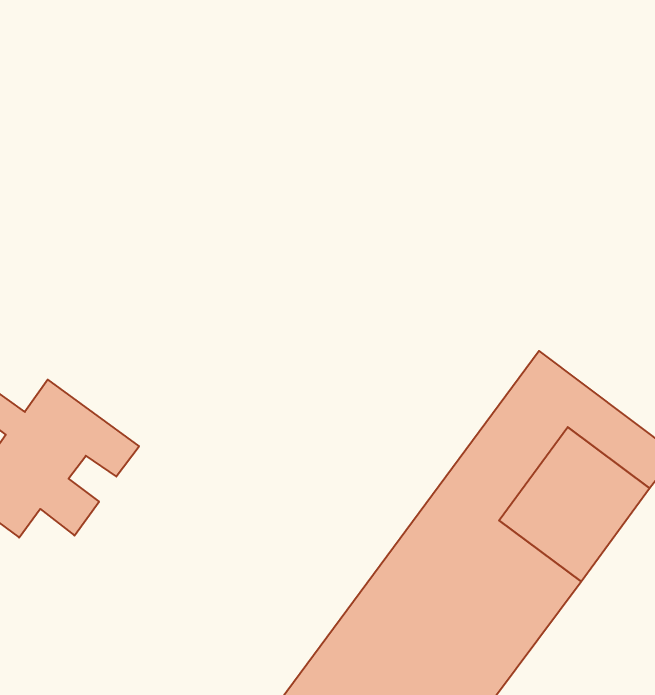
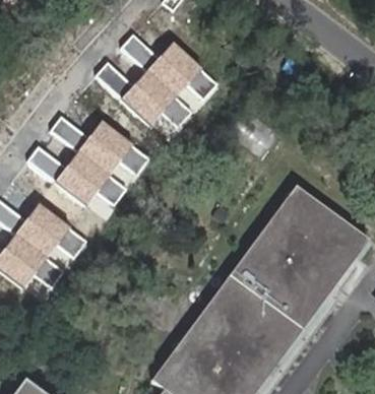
building: none -> [95,35,215,127]
building: none -> [27,116,147,207]

